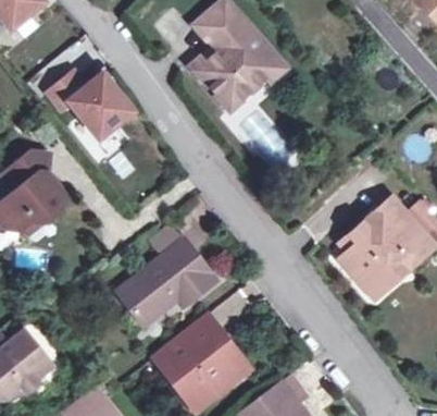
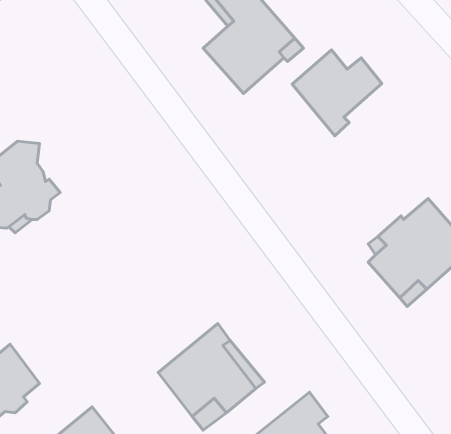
building: none -> [292,50,382,136]
building: [49,70,133,135] -> none
building: [117,238,214,323] -> none

